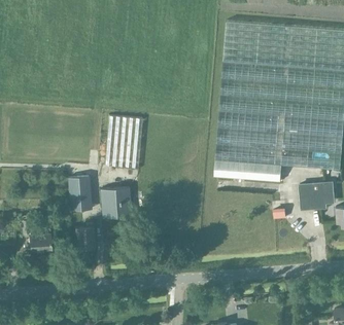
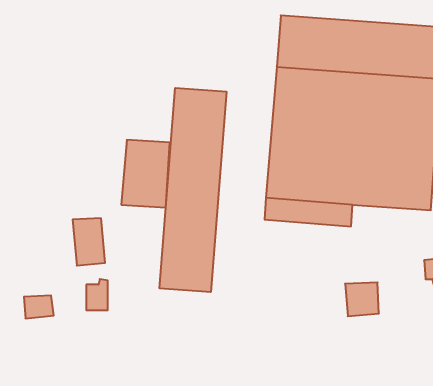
building: none -> [160,88,226,292]
building: [299,184,324,210] -> [345,282,379,316]
building: [103,186,133,216] -> none

